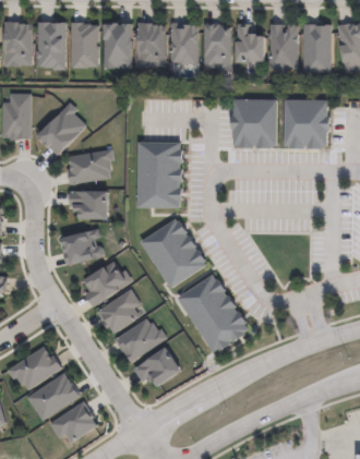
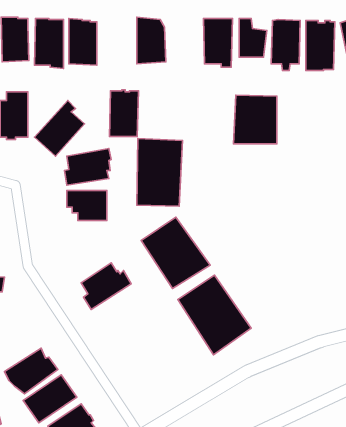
building: [170,22,197,62] -> none
building: [104,23,132,69] -> [109,90,138,136]
building: [285,98,326,146] -> none
building: [62,229,104,266] -> none
building: [96,289,141,335] -> none
building: [115,318,167,363] -> none
building: [134,349,181,387] -> none

